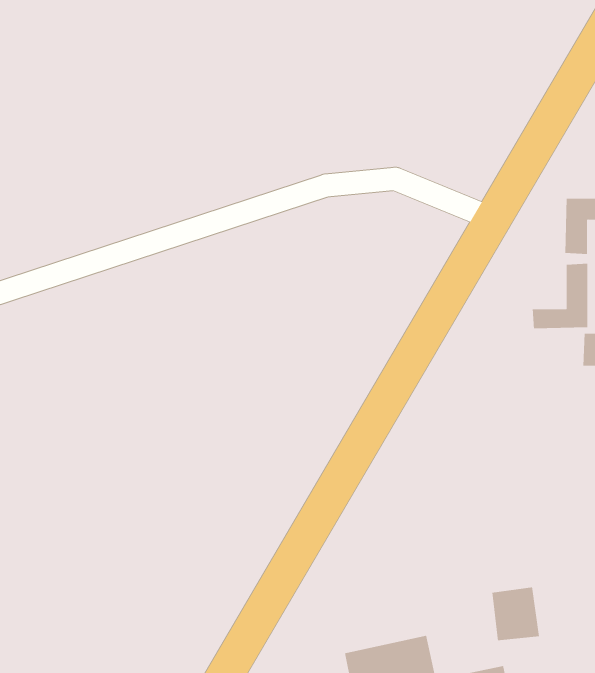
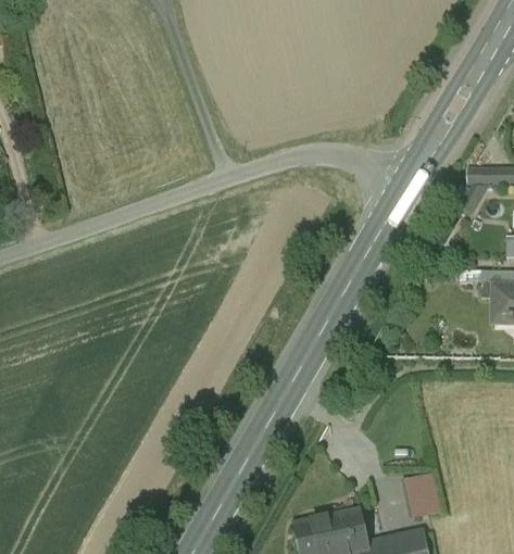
building: [532,263,588,329] -> none

